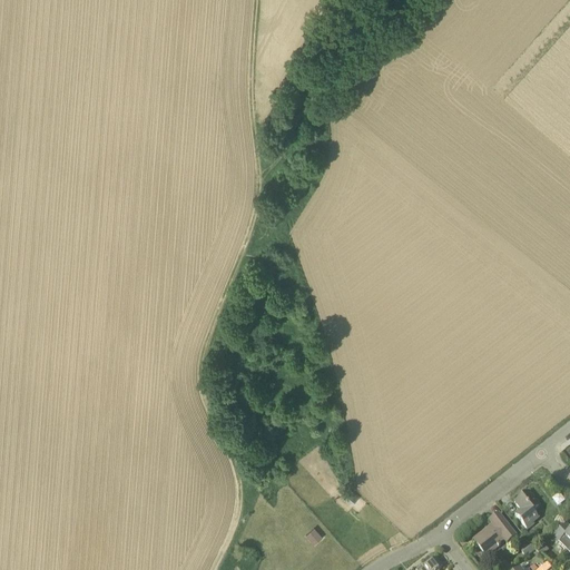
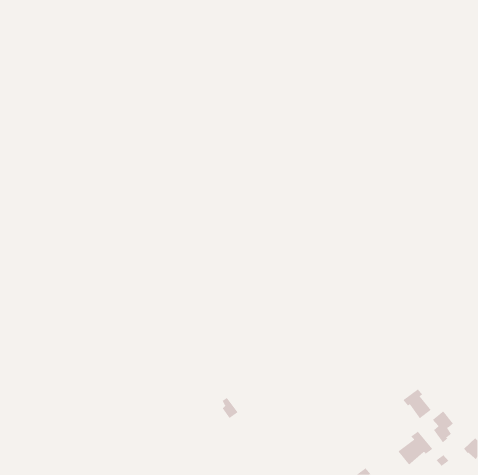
building: none -> [403,389,431,419]

